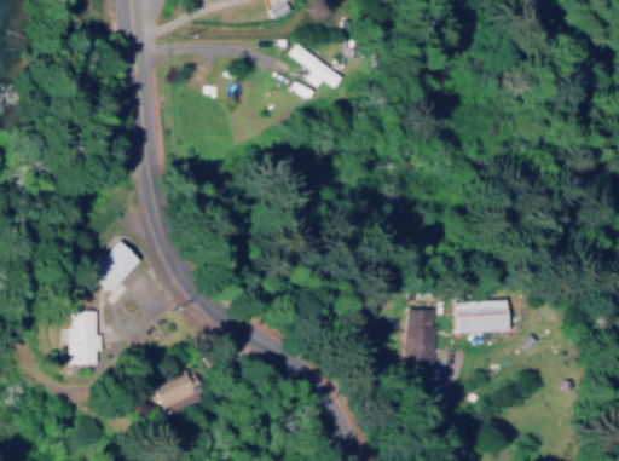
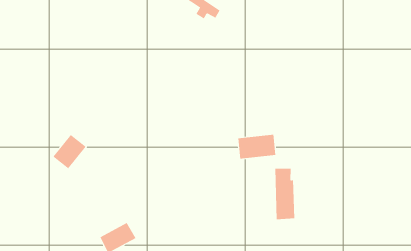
building: [455,300,509,333] -> [237,134,276,159]
building: [66,312,100,364] -> none

